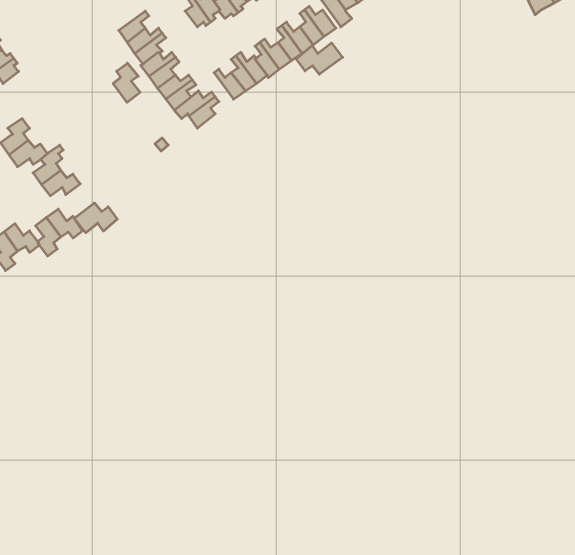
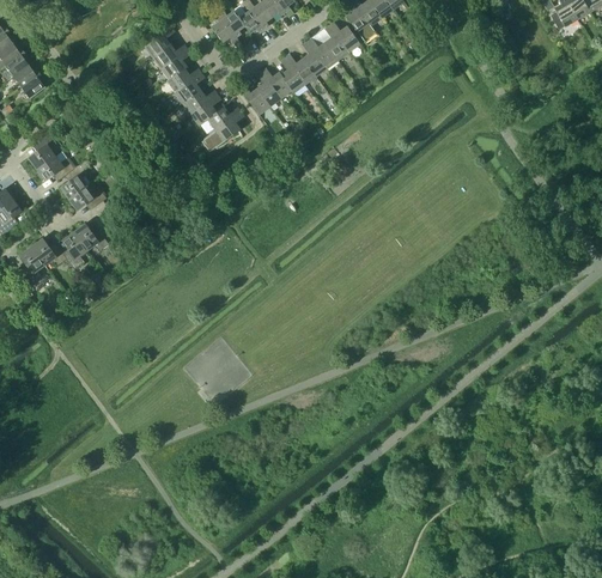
building: [296,43,343,74] -> none
building: [113,63,140,102] -> none
building: [74,203,117,233] -> none

